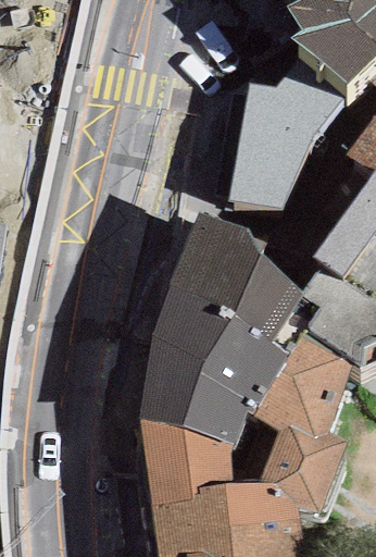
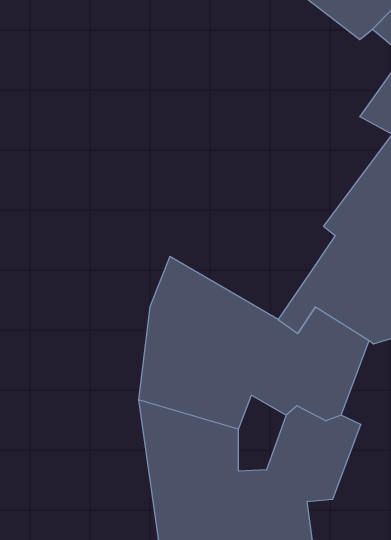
building: [228,79,344,209] -> none
building: [168,211,304,345] -> none

